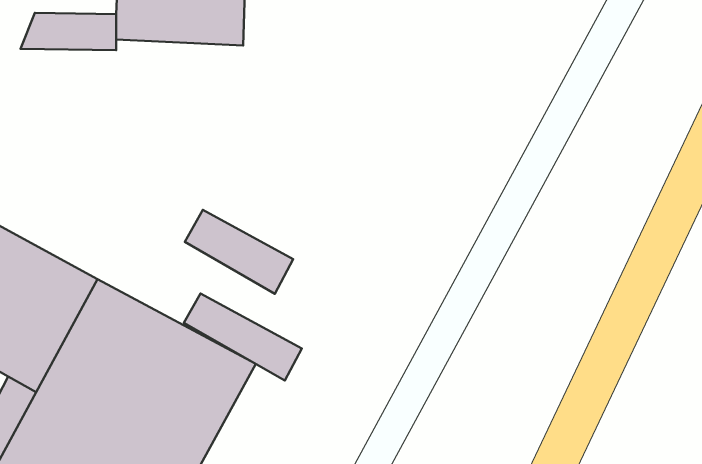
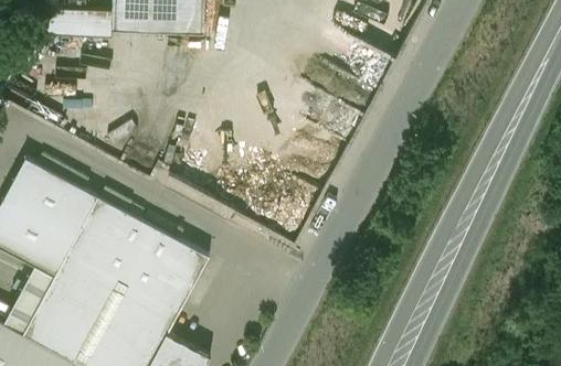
building: [185,210,293,294] -> none
building: [184,293,302,380] -> none

